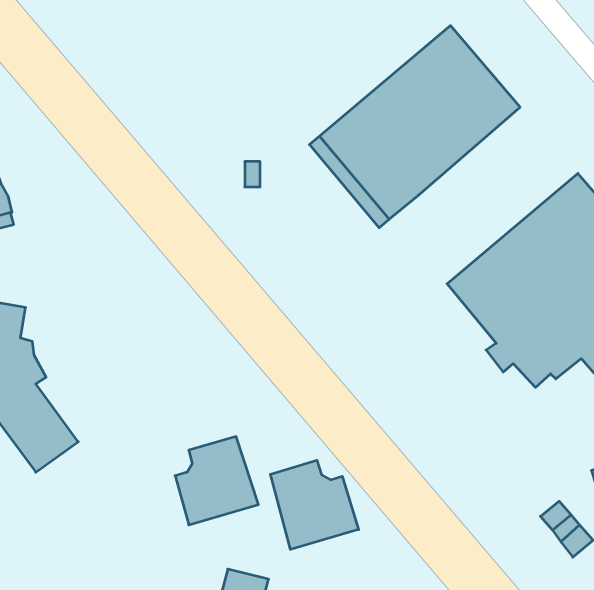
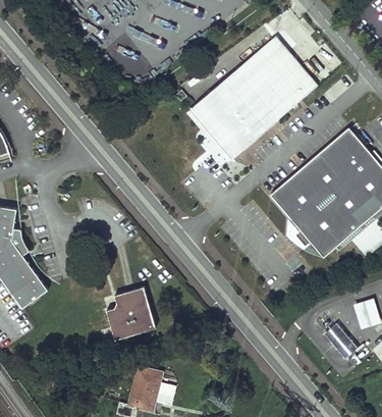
building: [270,460,359,549] -> none

